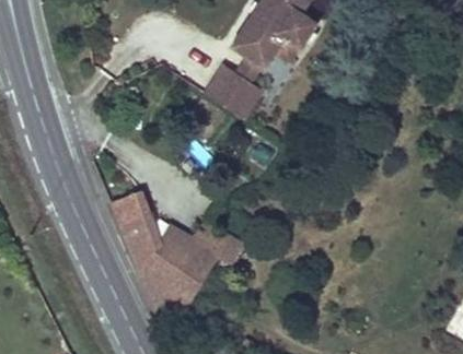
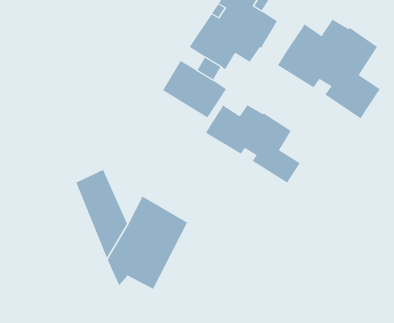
building: none -> [277,19,380,119]
building: none -> [205,104,300,184]

